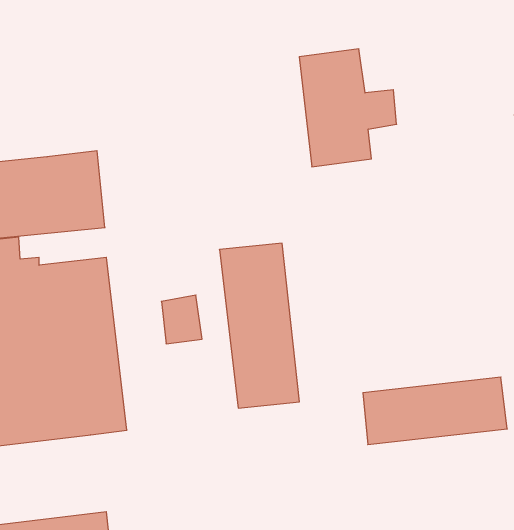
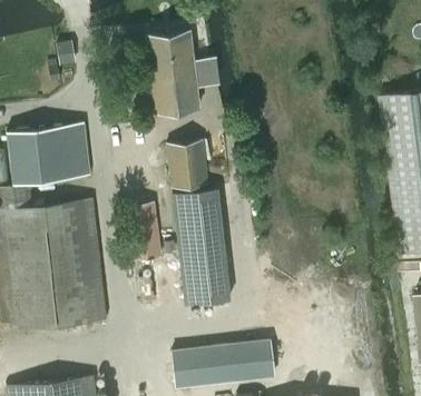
building: [299,49,397,167] -> [147,32,216,116]
building: none -> [167,141,208,189]
building: [363,377,507,445] -> [169,339,272,387]

